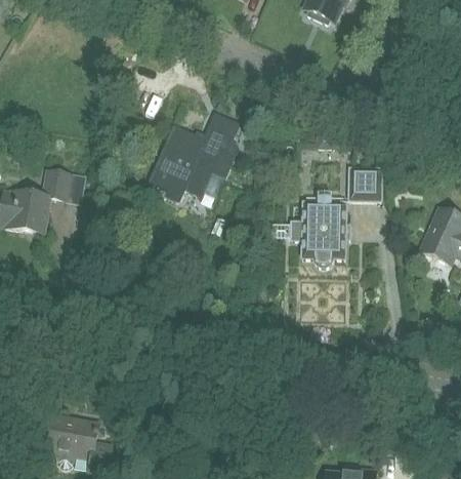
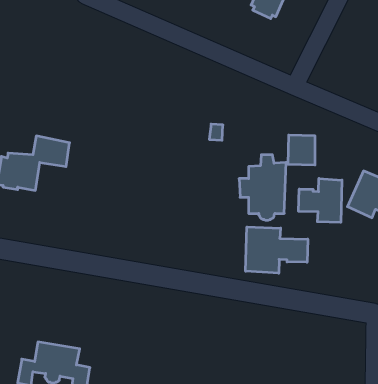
building: [148,115,240,201] -> none
building: none -> [299,178,342,222]
building: none -> [246,227,308,273]

